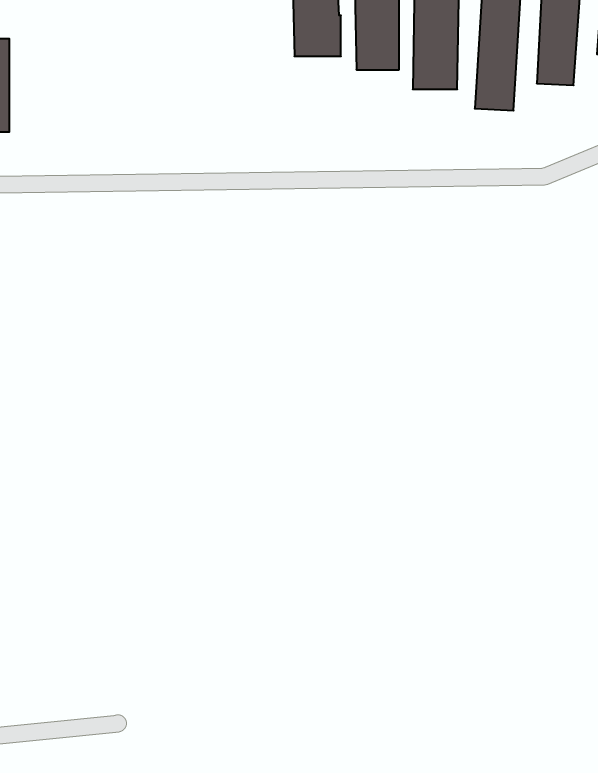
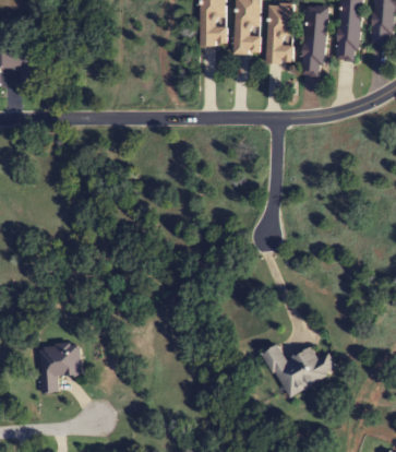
building: none -> [40,344,82,392]
building: none -> [263,344,338,397]

